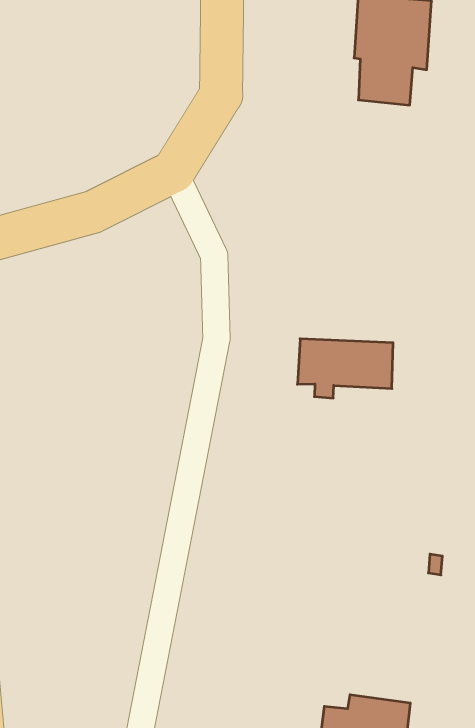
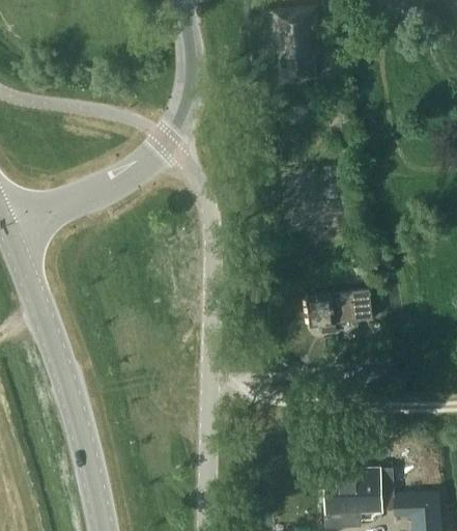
building: [297,339,393,398] -> [309,290,374,334]

